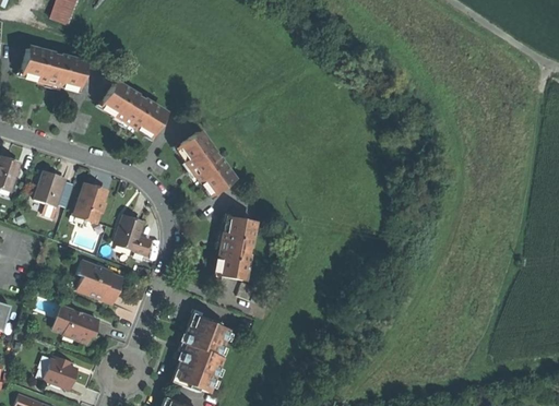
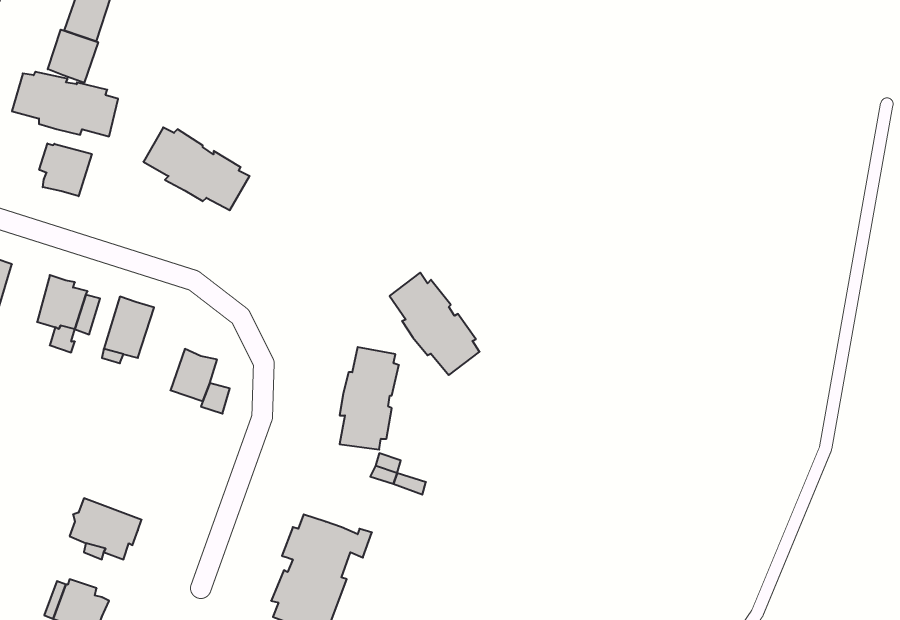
building: none -> [48,30,98,83]
building: none -> [39,143,92,196]
building: [176,129,230,191] -> [390,273,480,375]
building: [75,259,121,302] -> none

